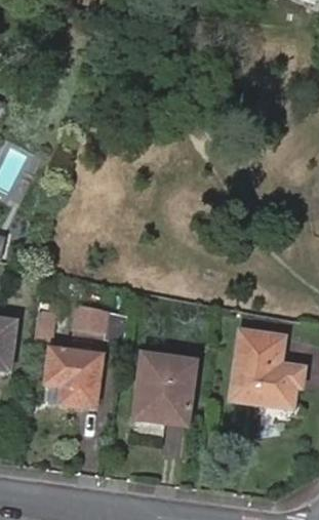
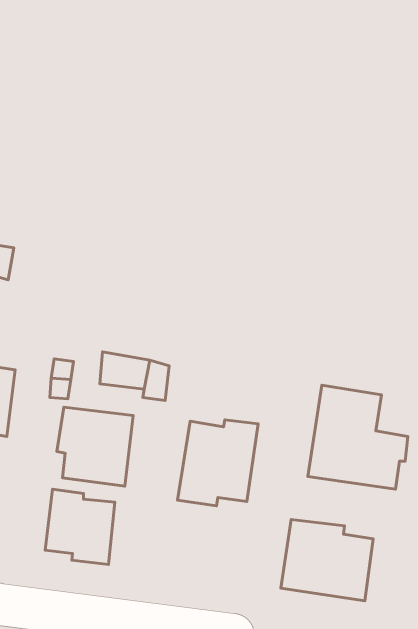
building: none -> [45,489,115,564]
building: none -> [281,519,373,601]

